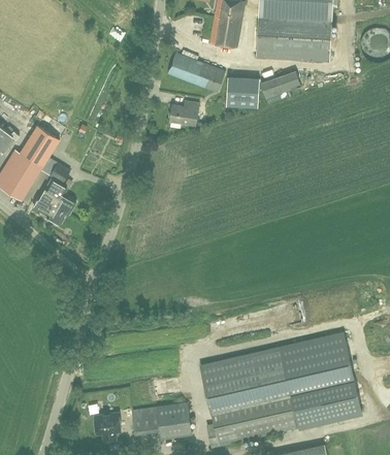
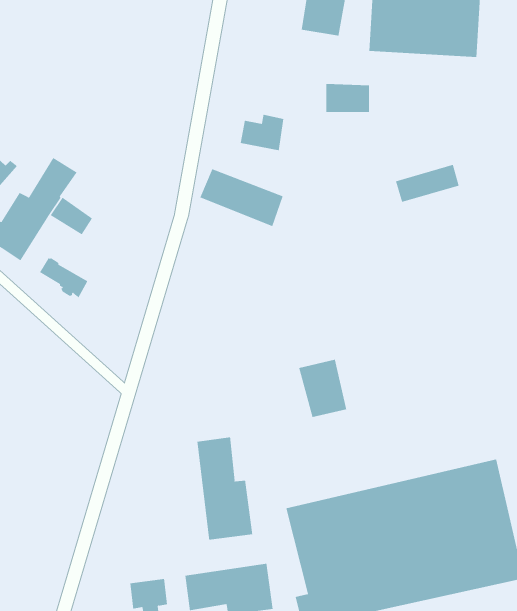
building: [167,53,224,92] -> [199,168,284,227]
building: [259,70,302,96] -> [395,164,460,203]
building: [40,178,75,215] -> none
building: none -> [298,359,347,418]
building: none -> [197,437,253,541]

